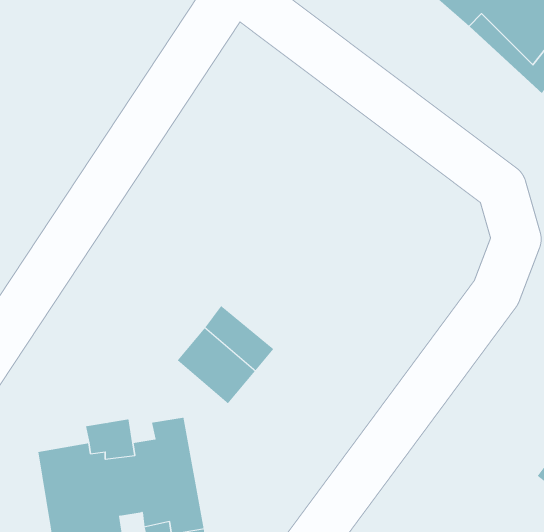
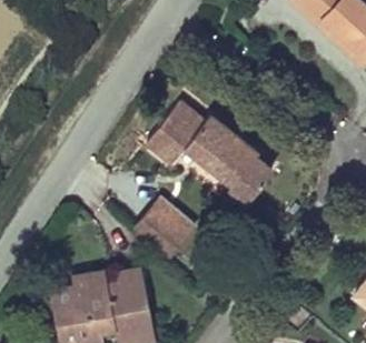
building: none -> [151,103,276,202]

